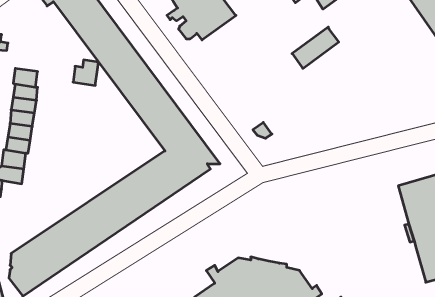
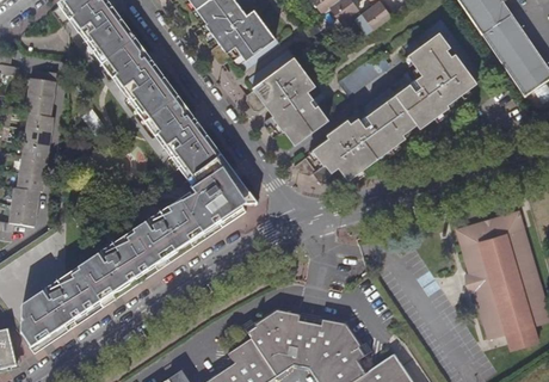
building: none -> [310,31,477,178]
building: none -> [246,55,329,142]
building: [73,60,98,85] -> [27,72,56,100]

